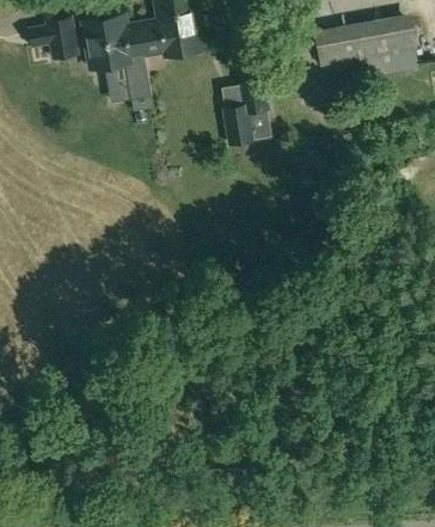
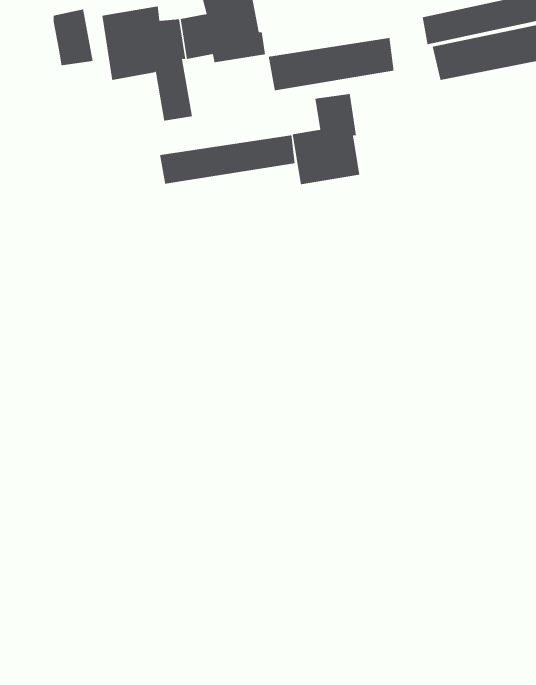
building: none -> [268,37,394,91]
building: none -> [160,135,295,184]

